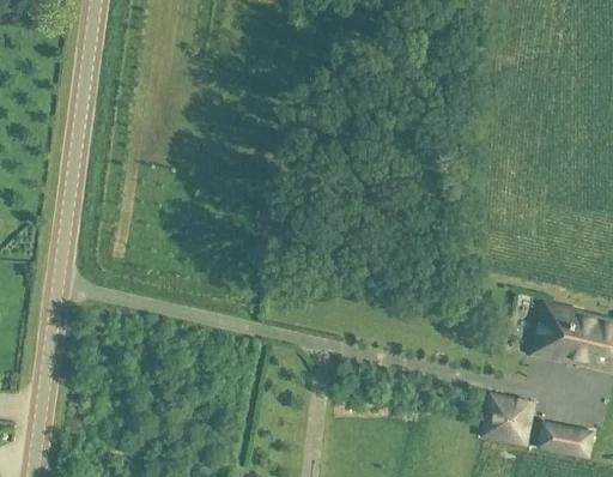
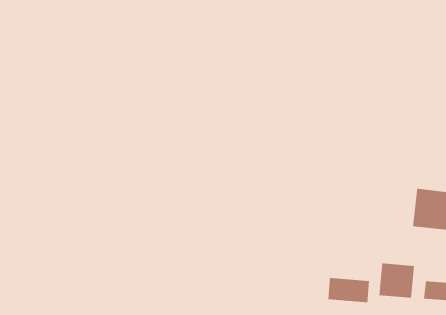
building: none -> [328,277,369,303]

